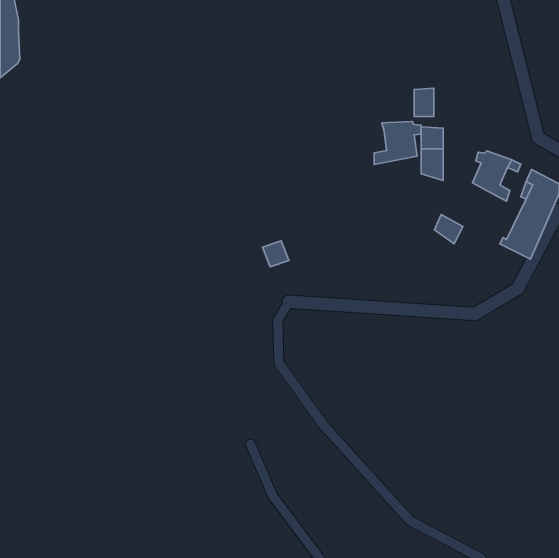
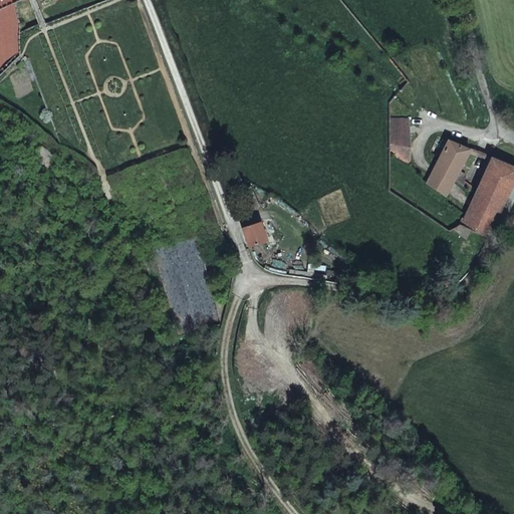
building: [414,88,434,116] -> none
building: [374,122,421,164] -> none
building: [435,214,463,244] -> [428,168,454,195]

